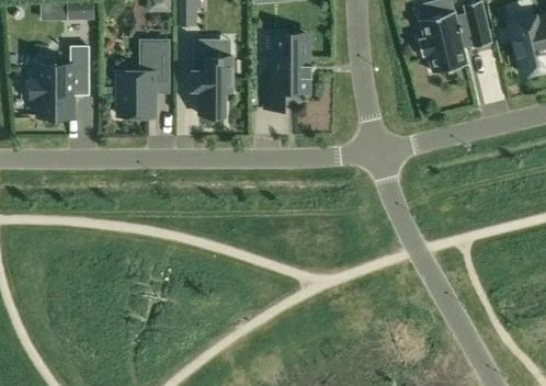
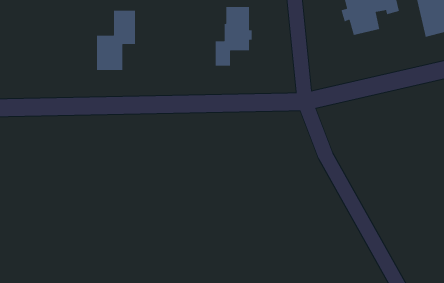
building: [193,39,232,114] -> none
building: [33,46,89,115] -> none

